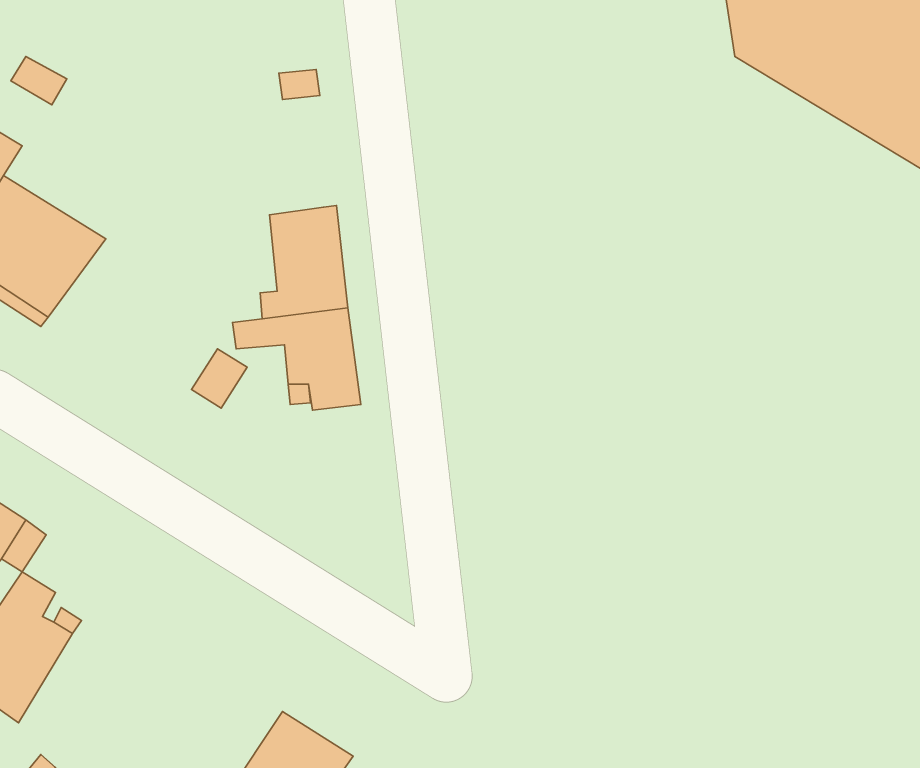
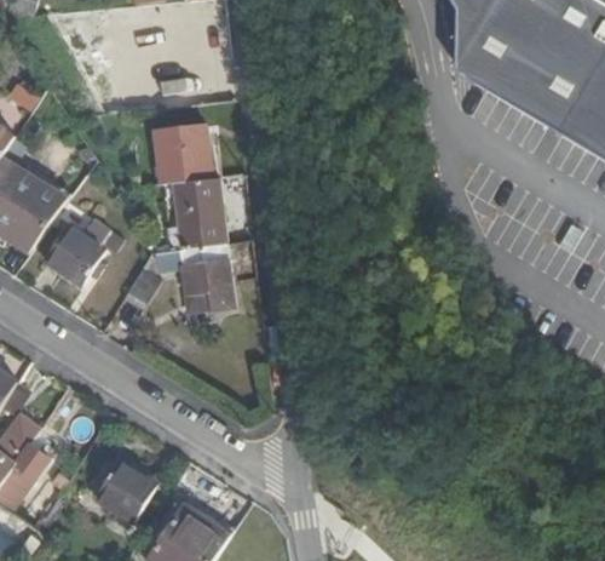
building: none -> [155,125,211,183]
building: none -> [51,219,110,284]
building: none -> [94,459,156,523]

